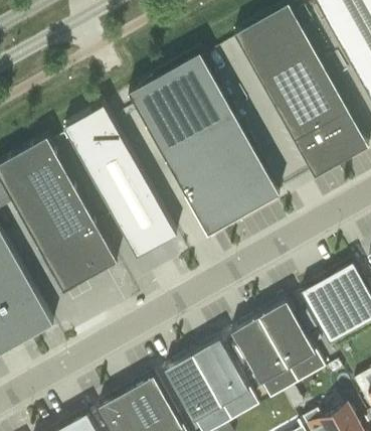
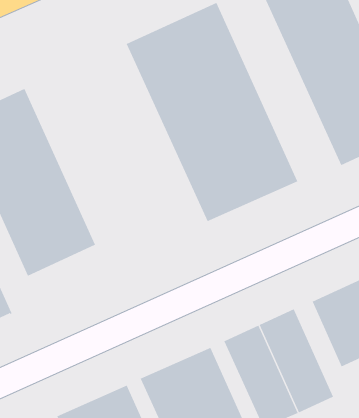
building: [63,107,177,259] -> none

